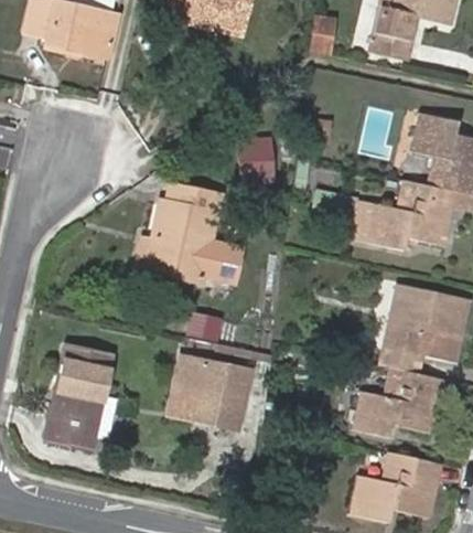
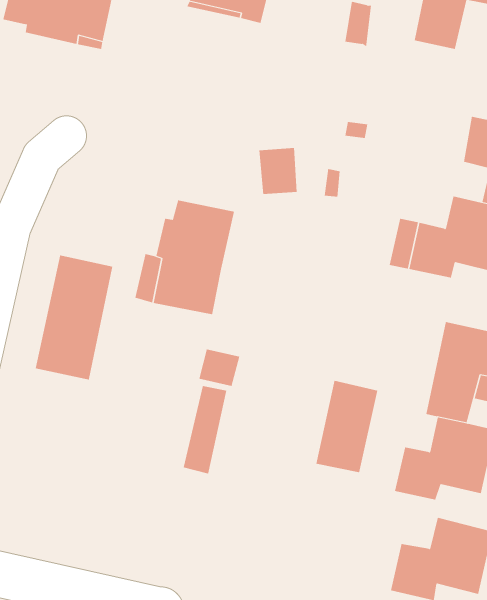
building: [203,243,240,281] -> none
building: [45,344,111,450] -> [35,255,113,380]
building: [198,345,251,424] -> [316,380,378,473]

